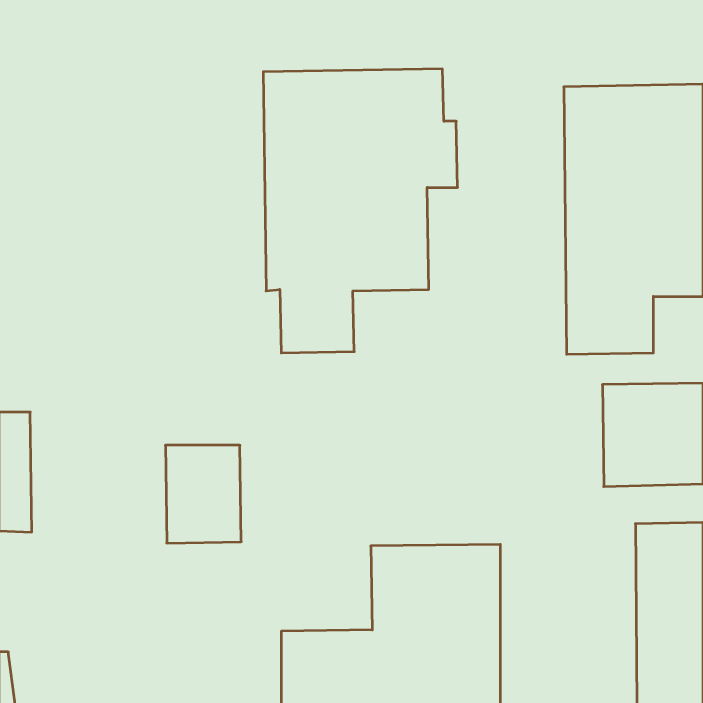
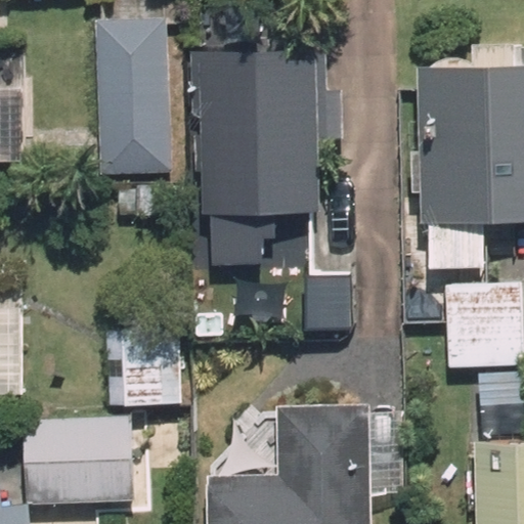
building: none -> [96,19,172,181]
building: none -> [31,422,135,504]

